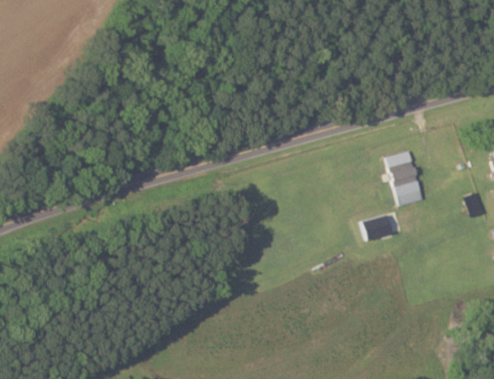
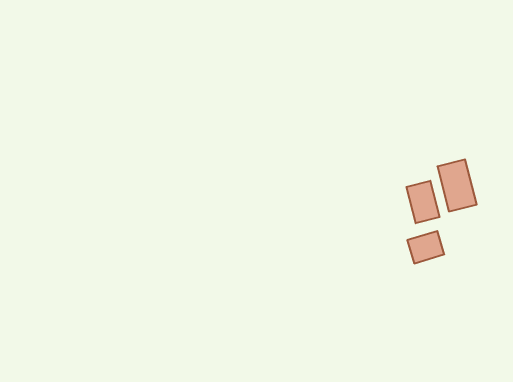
building: none -> [406,181,440,223]

